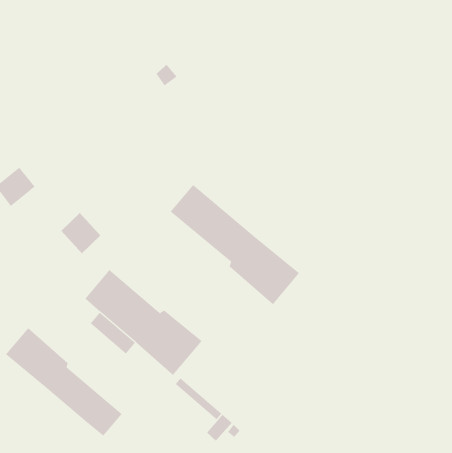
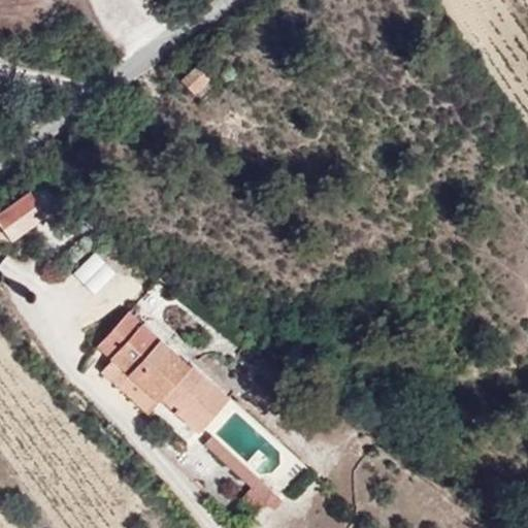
building: [170,184,300,305] -> none
building: [5,328,123,437] -> none

